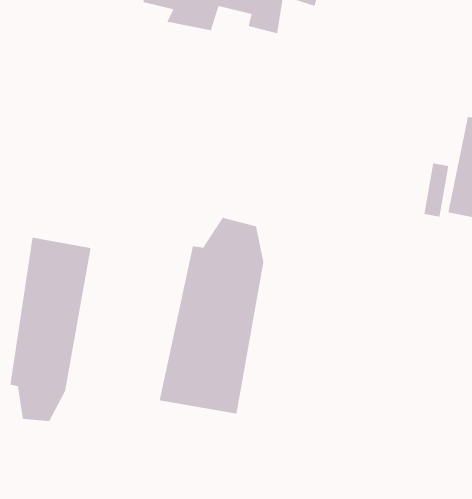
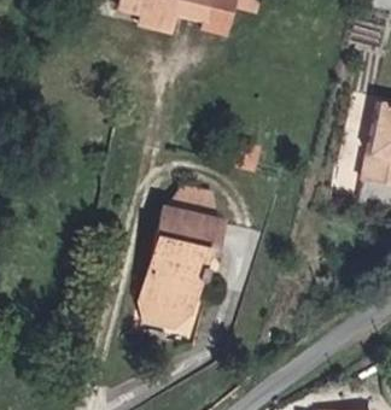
building: [10,237,91,422] -> none

